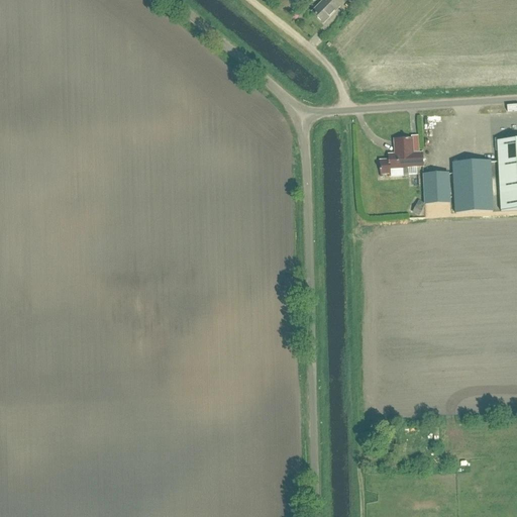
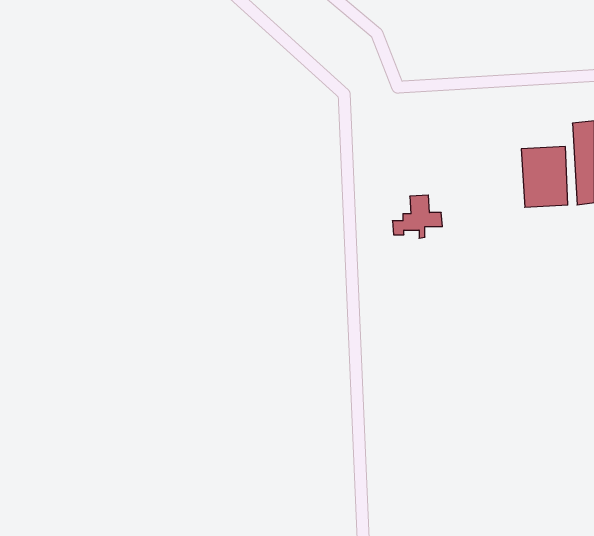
building: [380,136,423,174] -> [392,195,442,238]
building: [424,171,450,202] -> none

